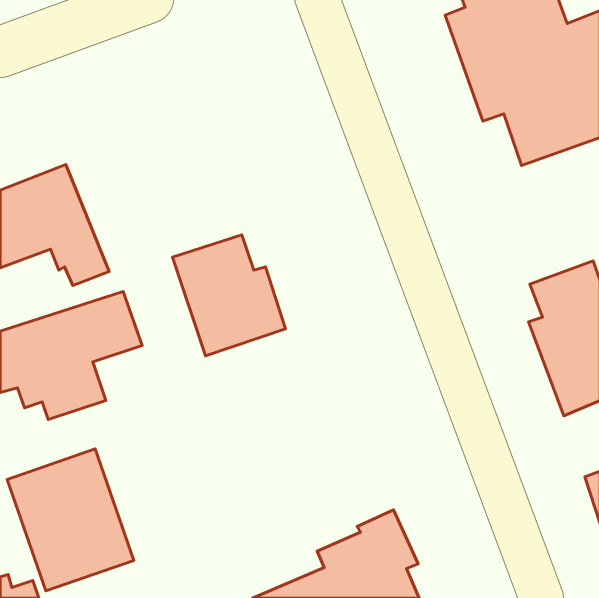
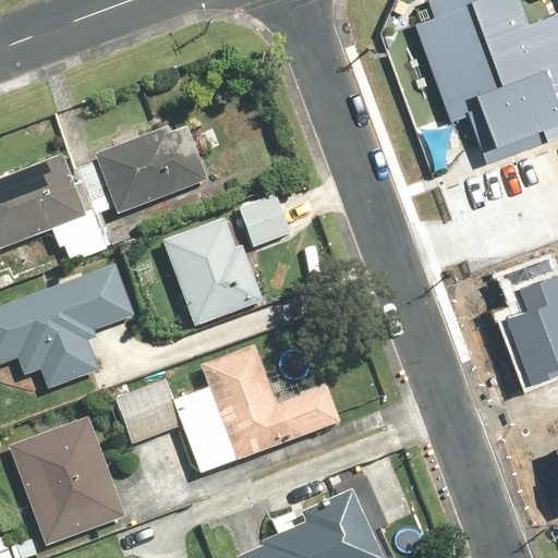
building: none -> [92,112,214,217]
building: none -> [239,196,290,250]
building: none -> [114,344,339,473]

